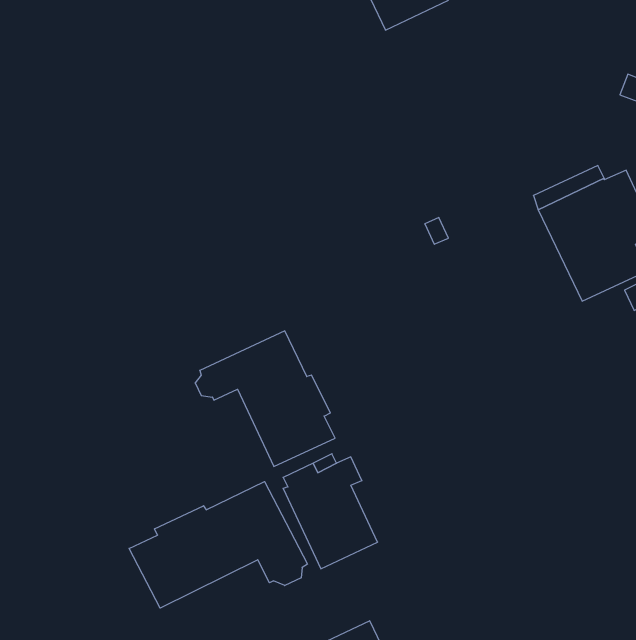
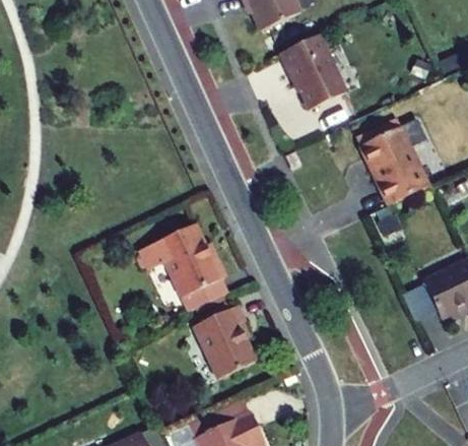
building: none -> [279,35,345,110]
building: [129,482,307,608] -> none

